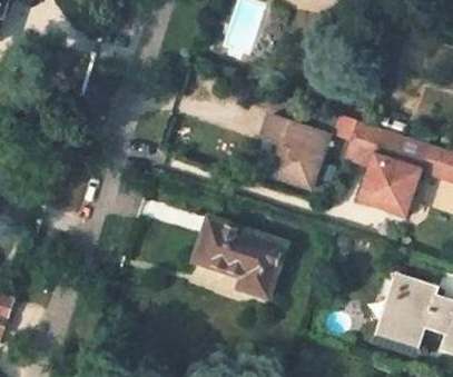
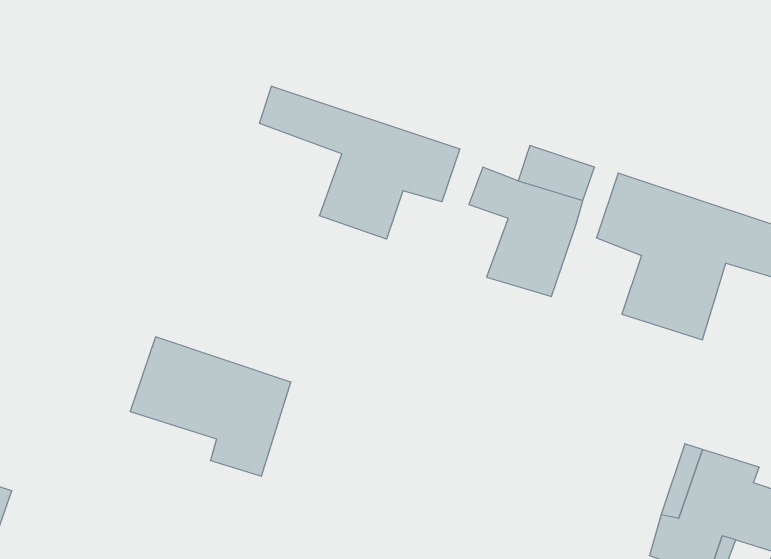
building: none -> [260,86,460,239]
building: [190,218,282,297] -> [130,337,291,476]

